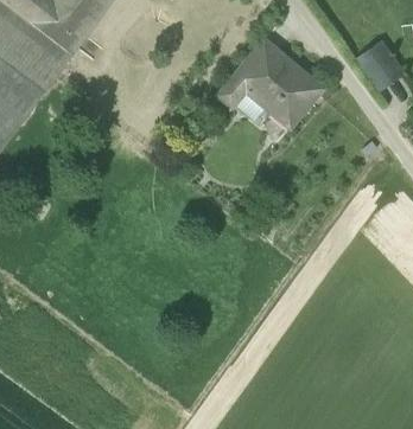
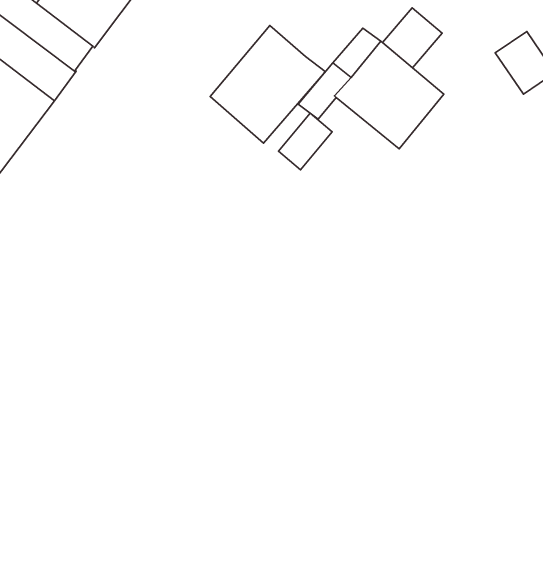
building: none -> [383,8,442,68]
building: none -> [210,26,325,143]
building: none -> [278,113,332,170]

